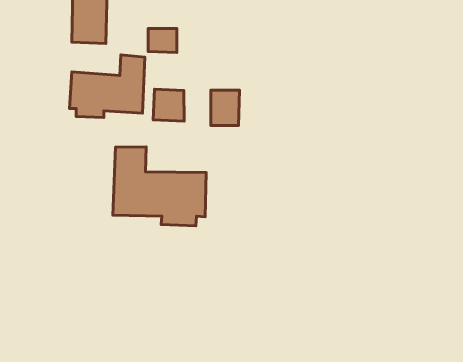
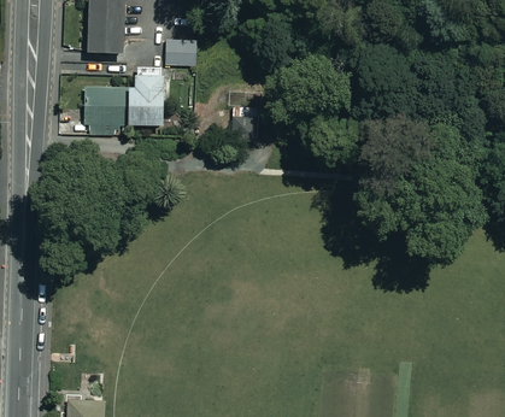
building: [153,89,184,121] -> none
building: [113,147,206,226] -> none

